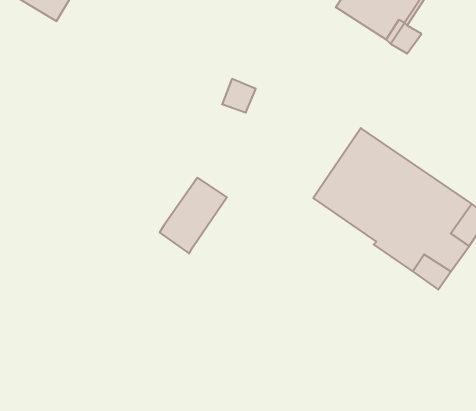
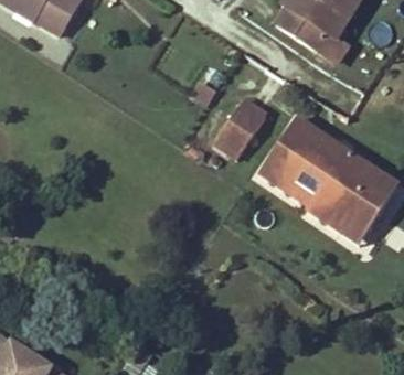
building: [160,178,227,254] -> [215,99,268,159]

